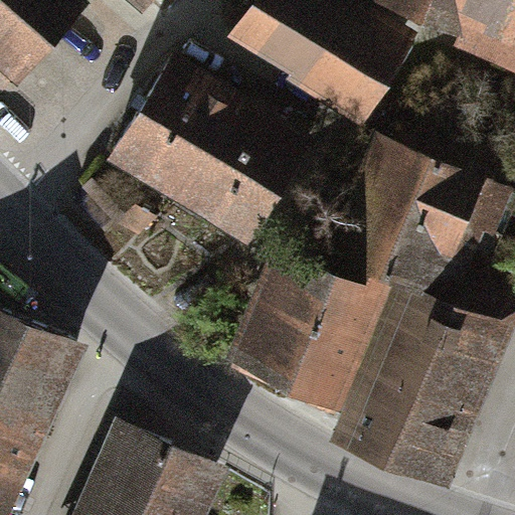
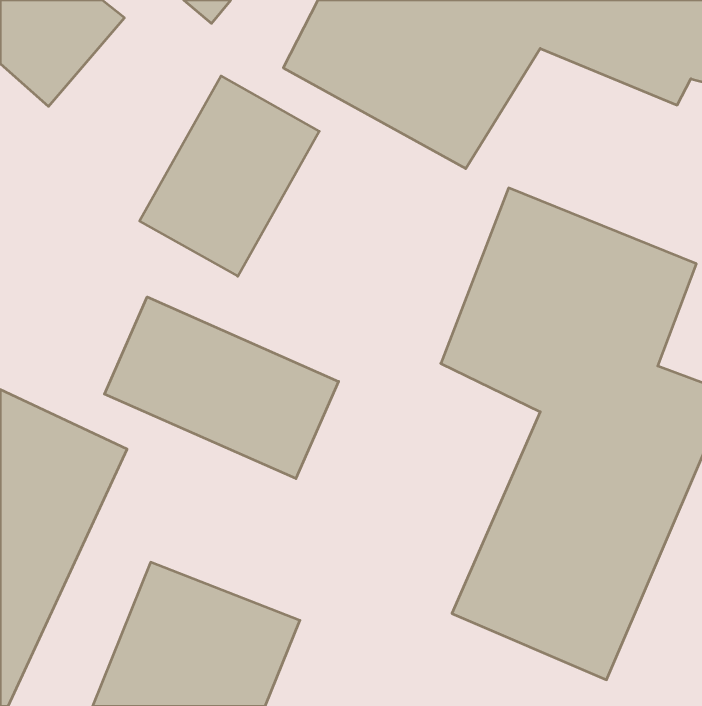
building: [176,96,308,241] -> none
building: none -> [104,297,339,479]
building: [217,258,381,419] -> none

